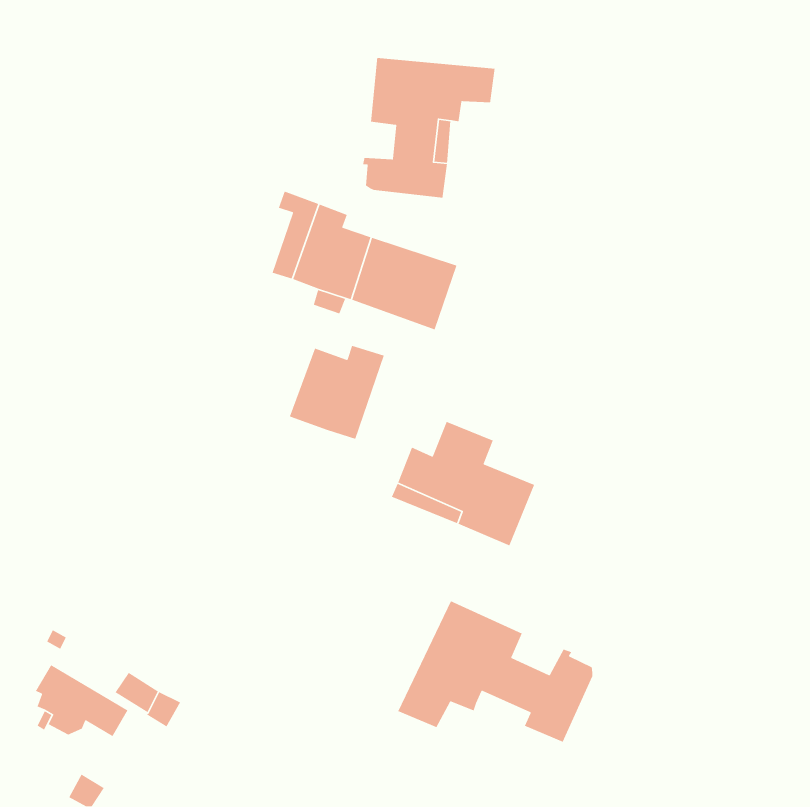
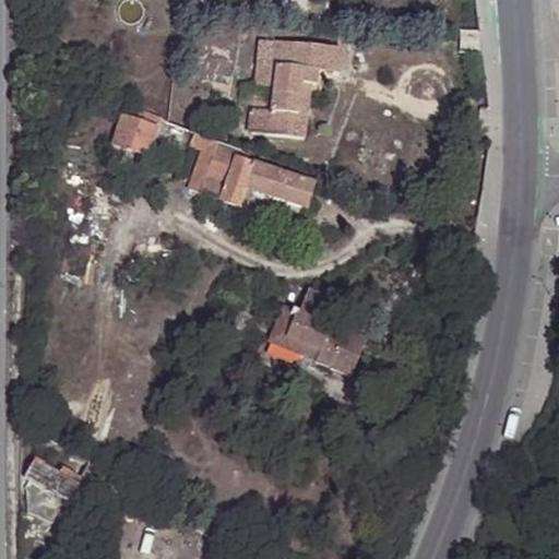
building: none -> [110,105,158,156]
building: [289,345,385,440] -> none
building: [397,600,593,743] -> none

